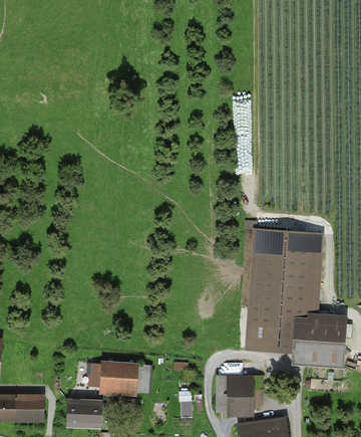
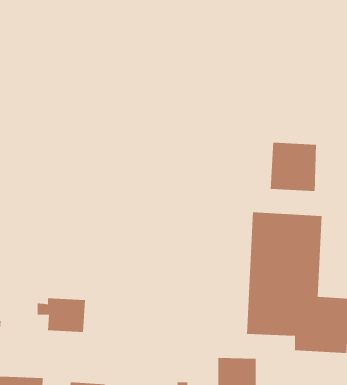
building: none -> [270,142,317,192]
building: [92,359,140,393] -> [37,298,86,332]

